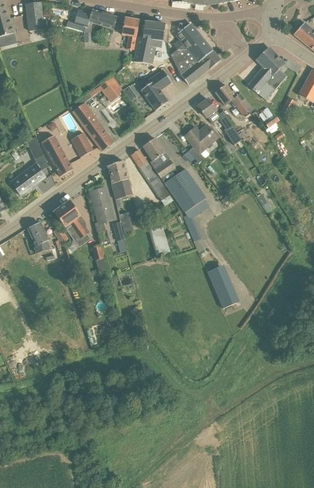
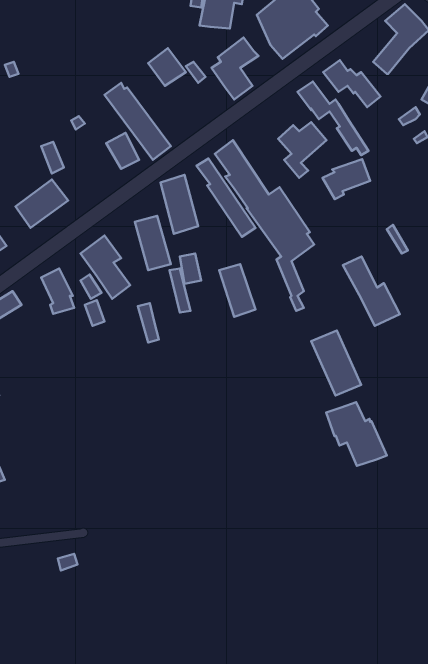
building: [42,135,73,176] -> none
building: none -> [322,159,370,199]
building: none -> [343,256,400,326]
building: none -> [326,402,387,466]

